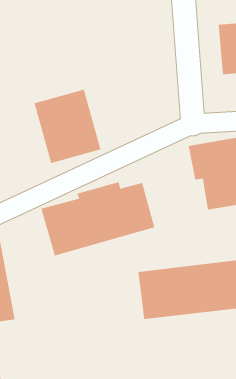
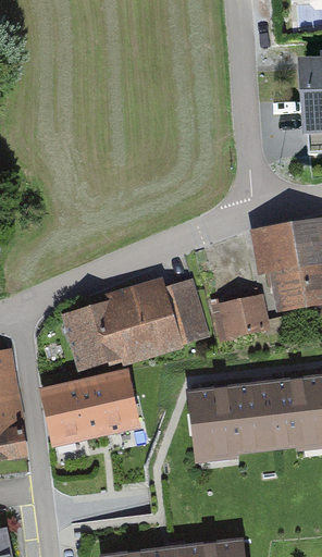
building: [34,89,101,164] -> none
building: none -> [212,293,270,341]
building: none -> [41,367,145,449]

